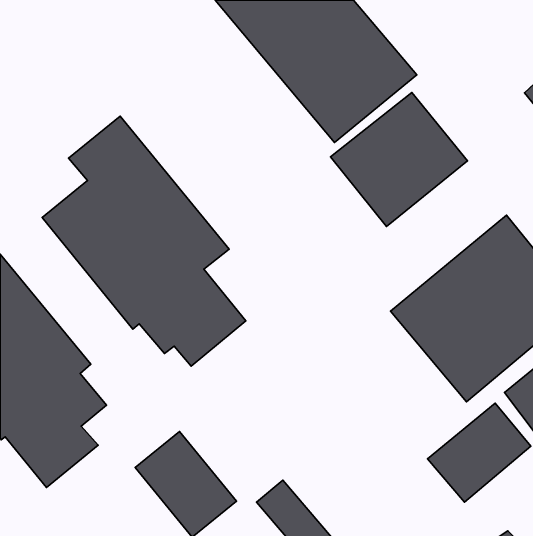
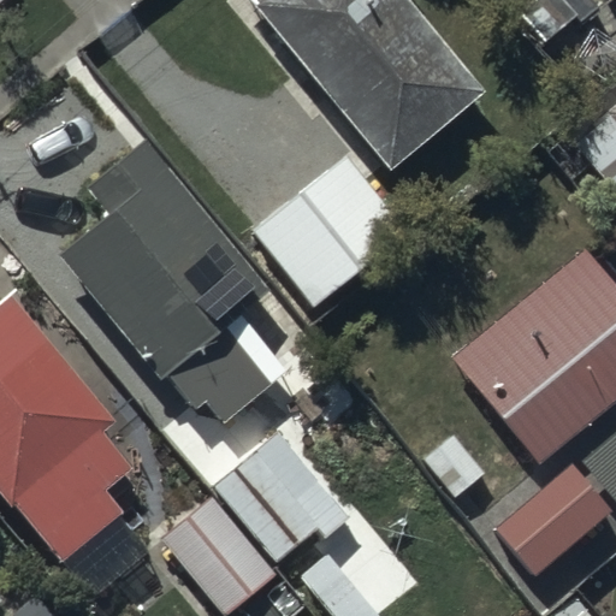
building: [330,92,468,226] -> [254,155,410,308]
building: none -> [215,434,349,562]

